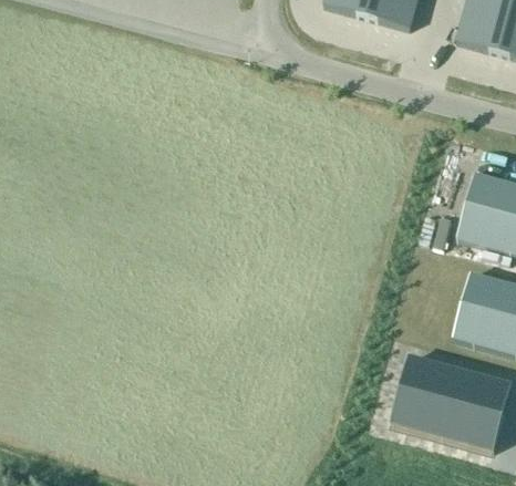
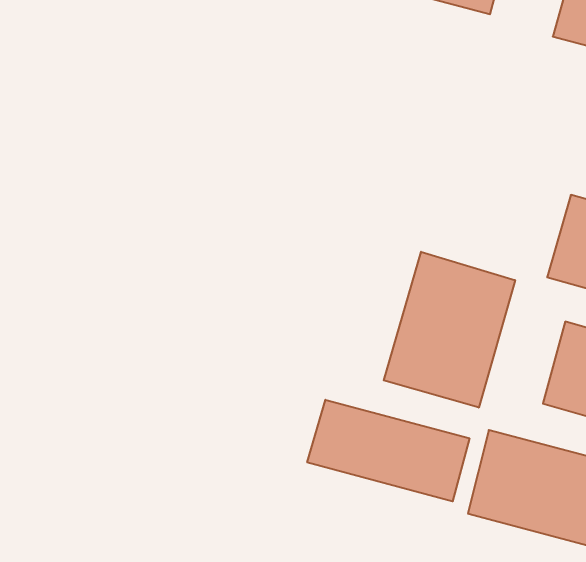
building: none -> [384,252,515,408]
building: none -> [307,400,469,501]

